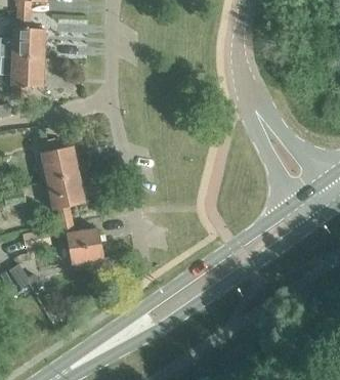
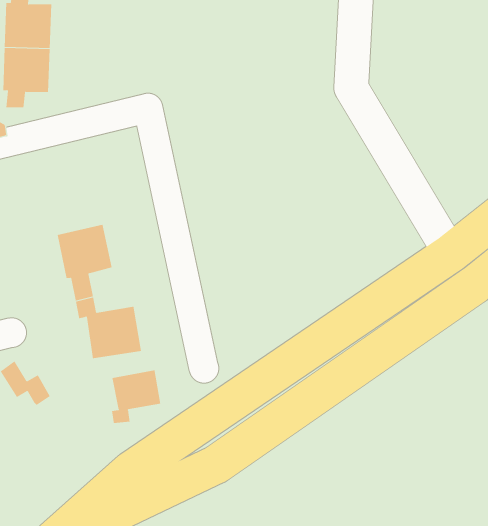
building: [41,137,78,180] -> none
building: none -> [111,370,161,424]

